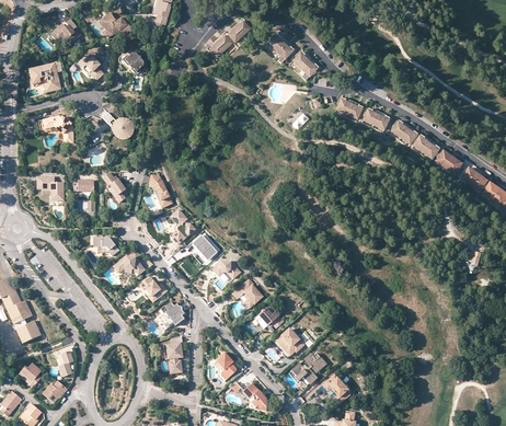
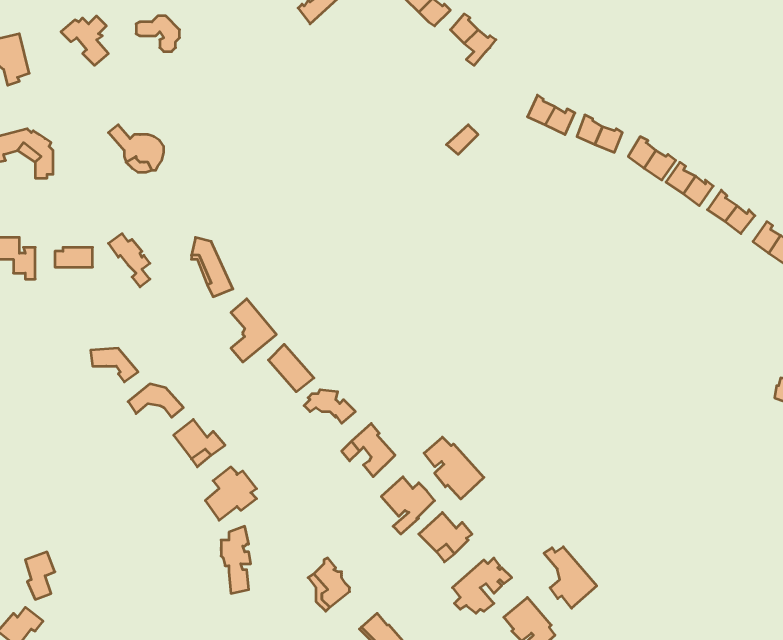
building: none -> [424,437,484,499]
building: none -> [544,547,597,608]

